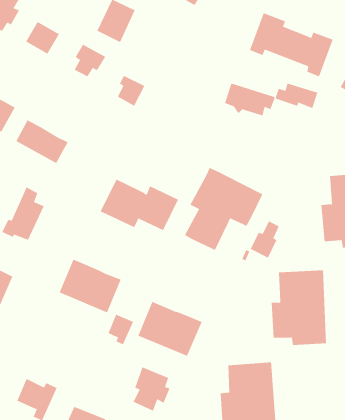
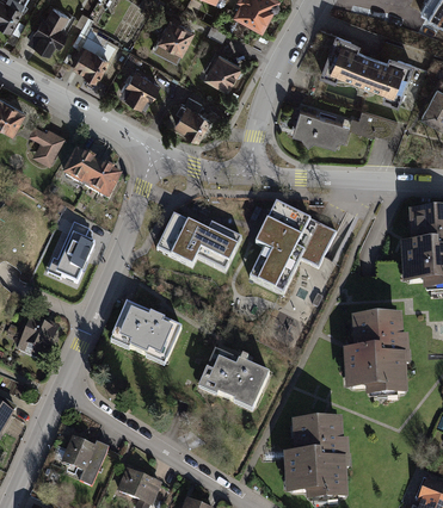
building: none -> [205,50,242,87]
building: [250,221,280,259] -> none
building: [108,314,134,345] -> none
building: [133,366,170,411] -> none

